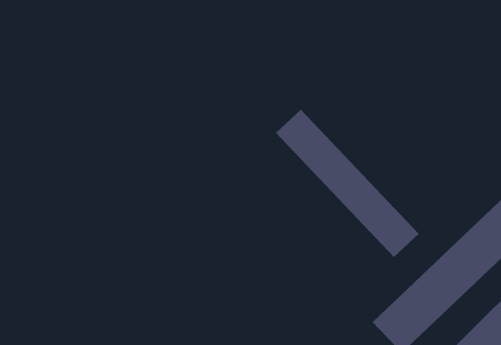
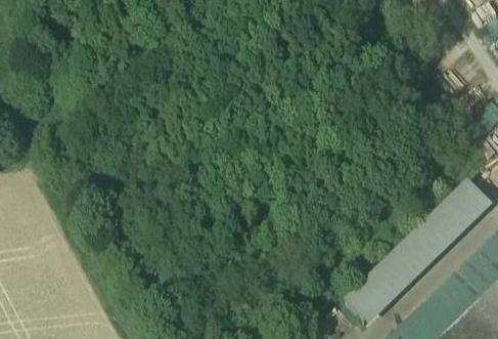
building: [275,109,420,258] -> none

